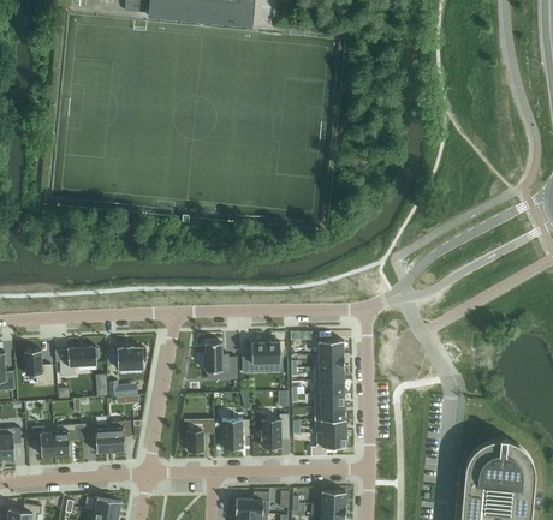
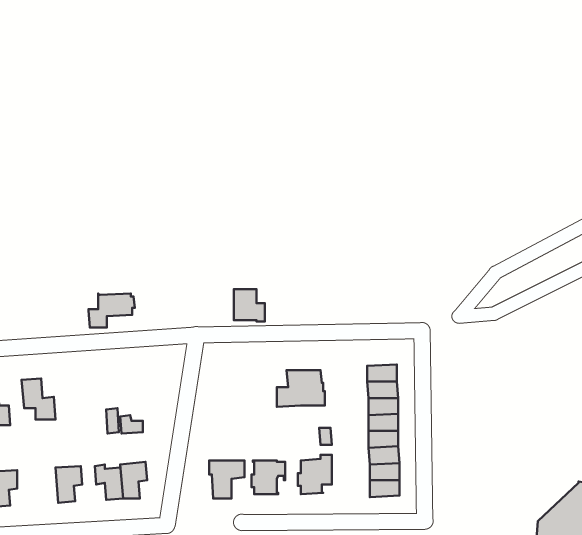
building: [202,342,228,370] -> [234,289,265,322]
building: [117,346,147,365] -> none
building: [59,347,99,376] -> [88,294,135,327]
building: [31,425,55,456] -> none

